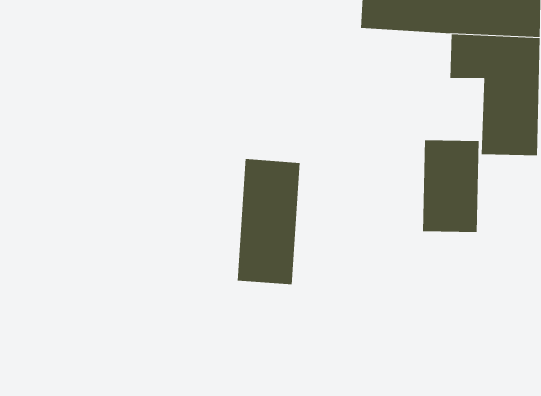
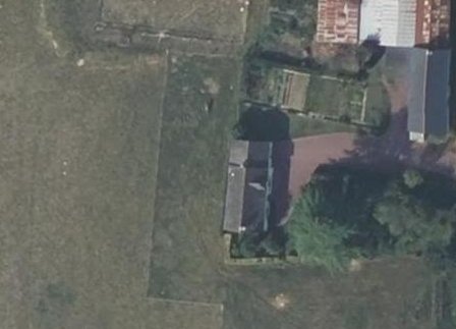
building: [422,140,479,233] -> none

